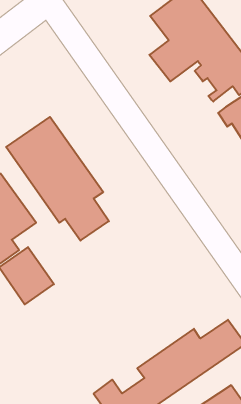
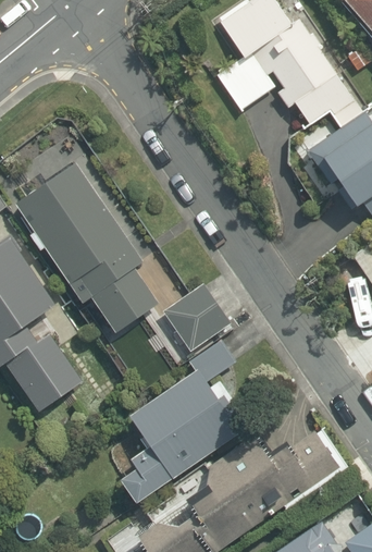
building: none -> [165,283,234,352]
building: none -> [122,365,243,503]

